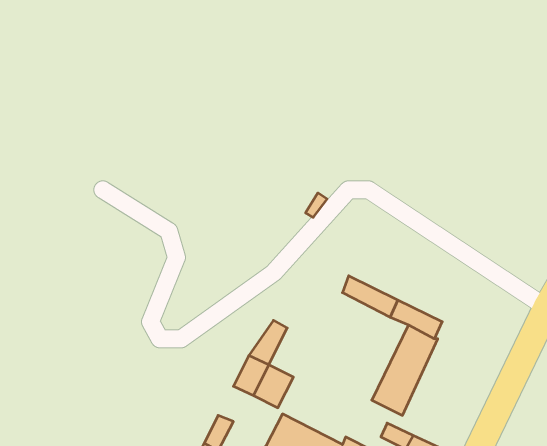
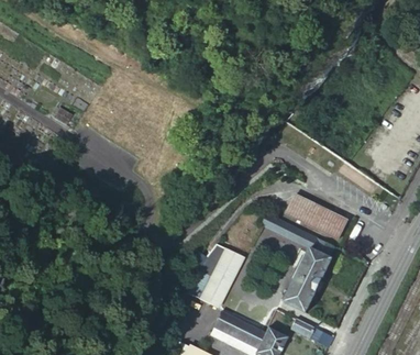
building: none -> [288,193,350,238]
building: none -> [212,251,243,286]

